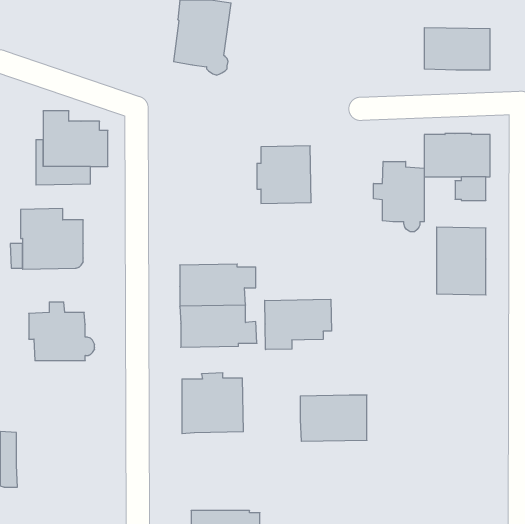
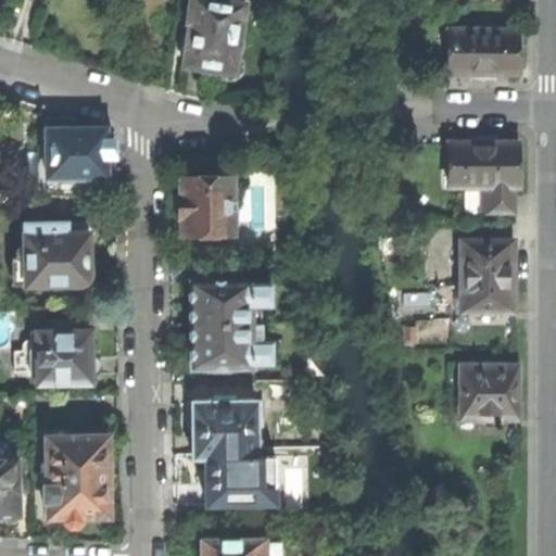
building: [257,146,311,203] -> [176,175,233,236]
building: [374,161,424,232] -> none
building: [265,299,331,350] -> none
building: none -> [460,366,518,420]
building: [300,395,367,441] -> [205,457,276,506]
building: none -> [43,433,109,518]

